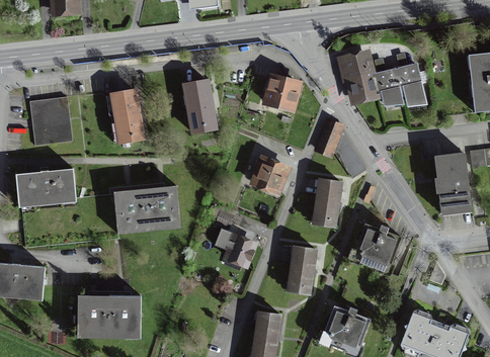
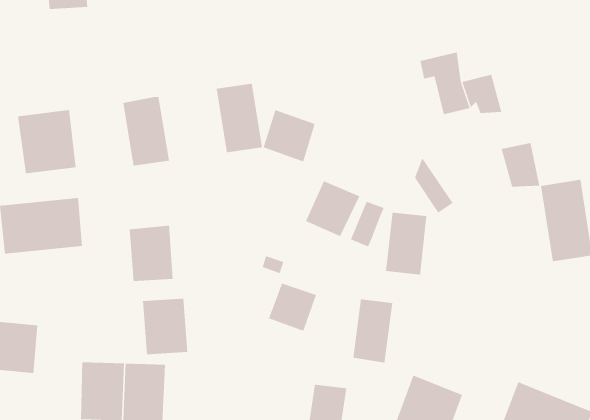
building: [393,65,423,99] -> [501,142,540,187]
building: [261,71,302,111] -> [263,110,316,162]
building: [316,121,342,157] -> [350,201,384,247]
building: [145,184,180,228] -> [142,298,188,355]
building: [351,219,404,271] -> none

